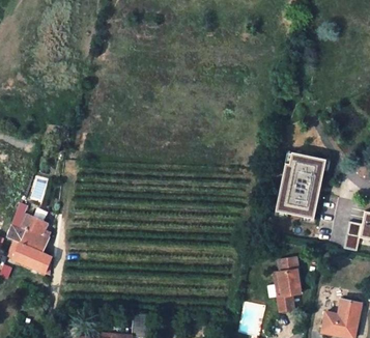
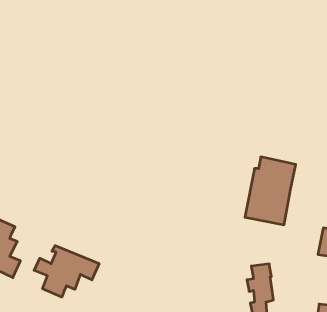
building: none -> [34,246,99,297]

